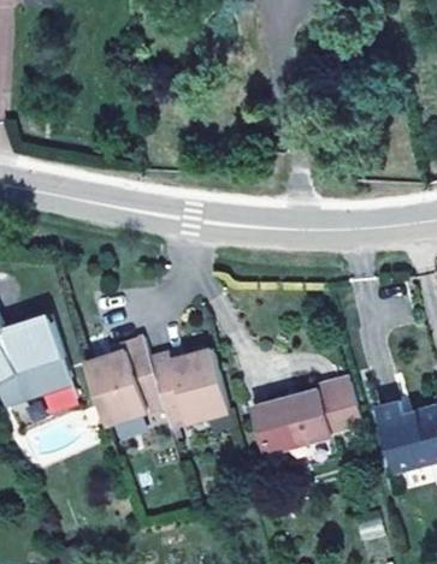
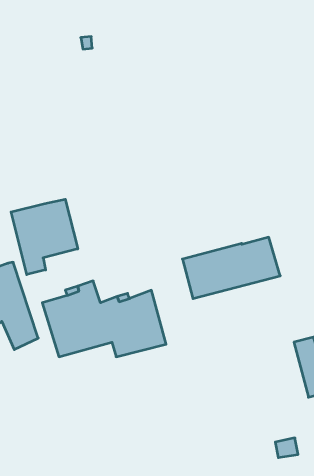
building: none -> [11,199,78,275]
building: [249,381,362,452] -> [182,237,280,299]

